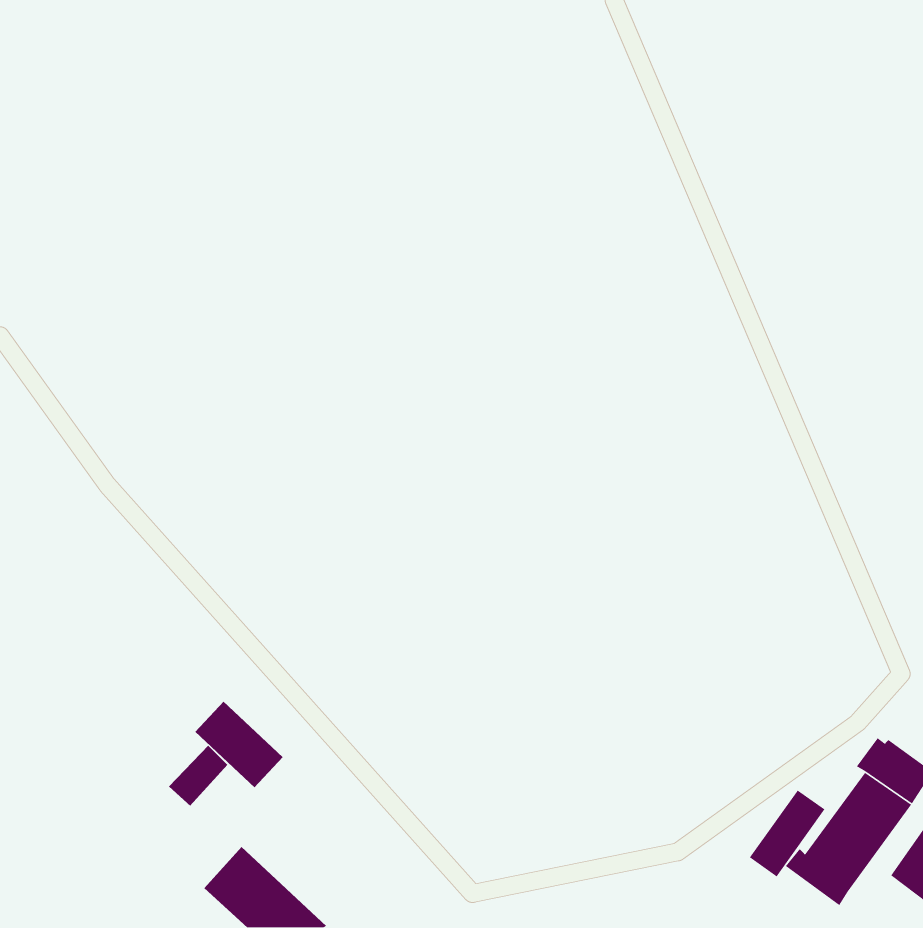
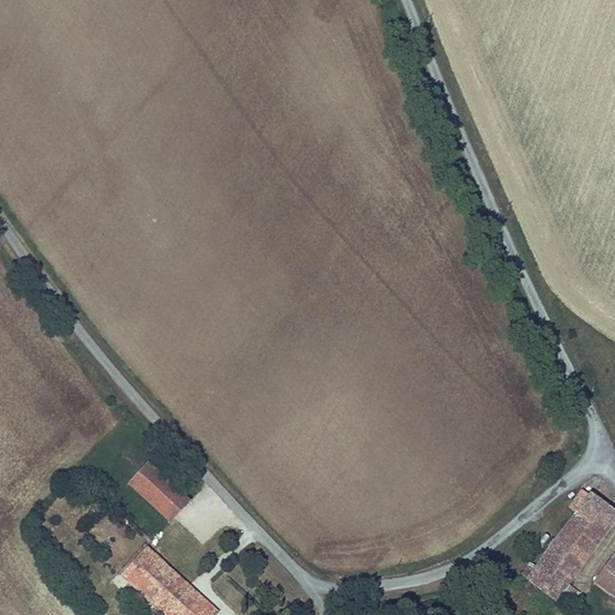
building: [168,745,228,807] -> [124,547,163,587]
building: [749,789,826,877] -> none

